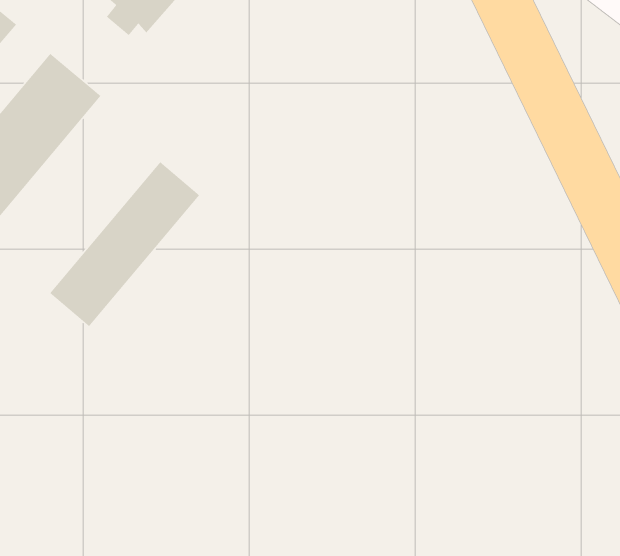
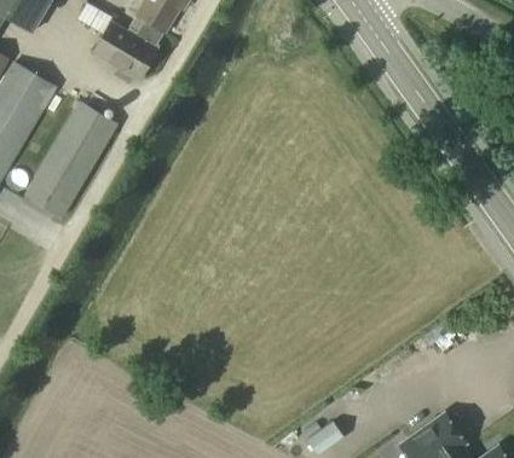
building: [49,161,200,327] -> none

